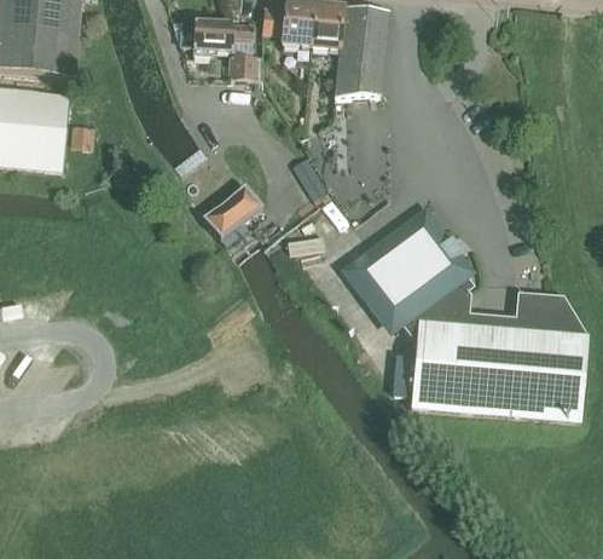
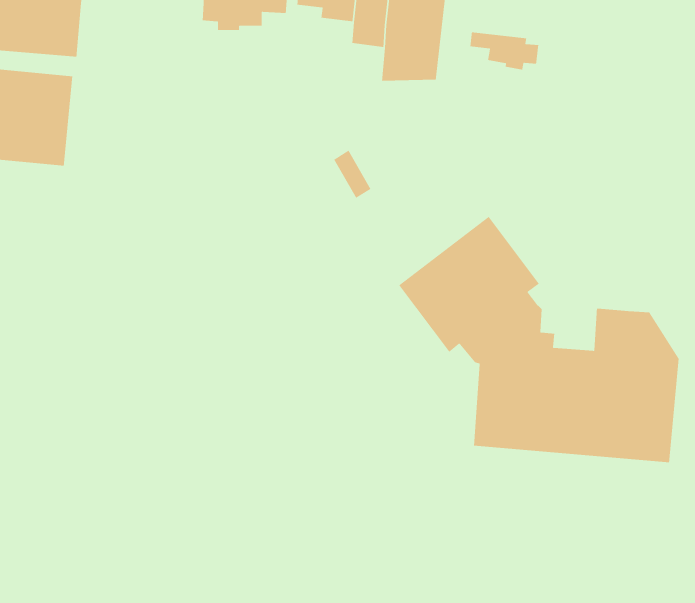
building: none -> [470,32,539,70]
building: [226,53,260,77] -> none
building: [202,184,260,237] -> none

